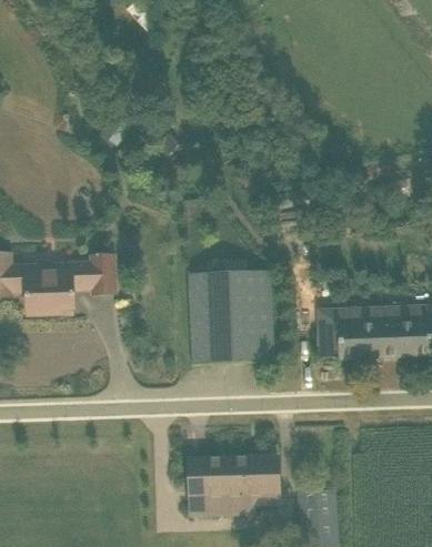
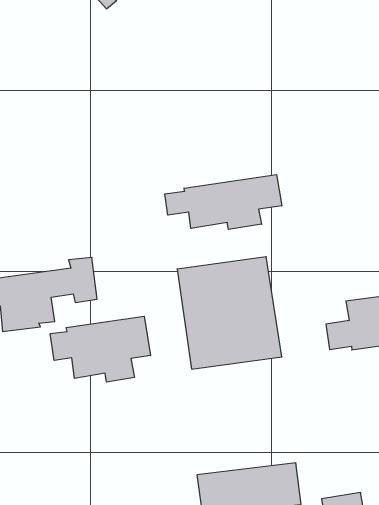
building: none -> [165,175,282,229]
building: none -> [50,316,150,382]

